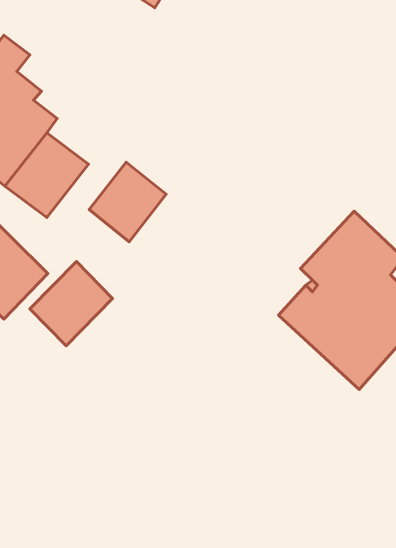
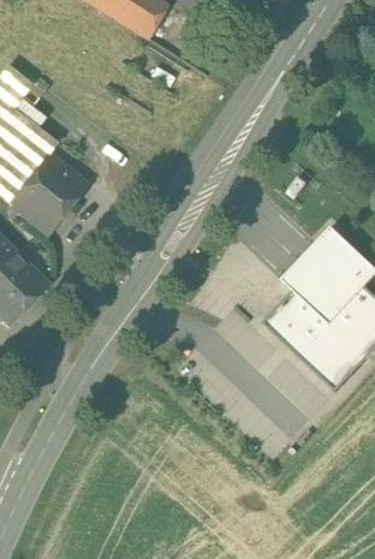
building: [89,162,166,242] -> none
building: [30,262,113,346] -> none

